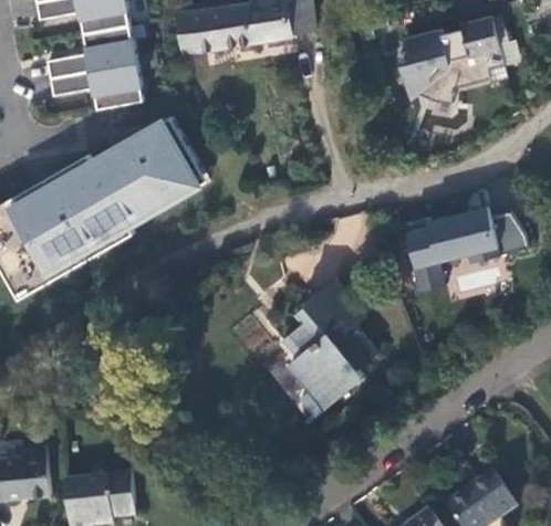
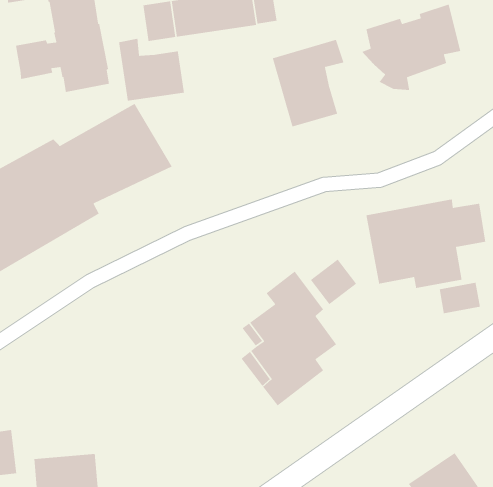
building: none -> [118,38,185,101]
building: none -> [272,39,345,127]
building: none -> [310,259,357,305]
building: none -> [439,282,481,314]

